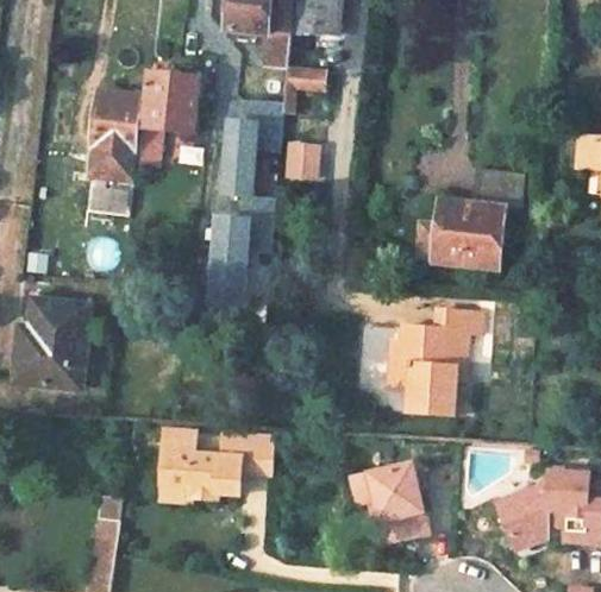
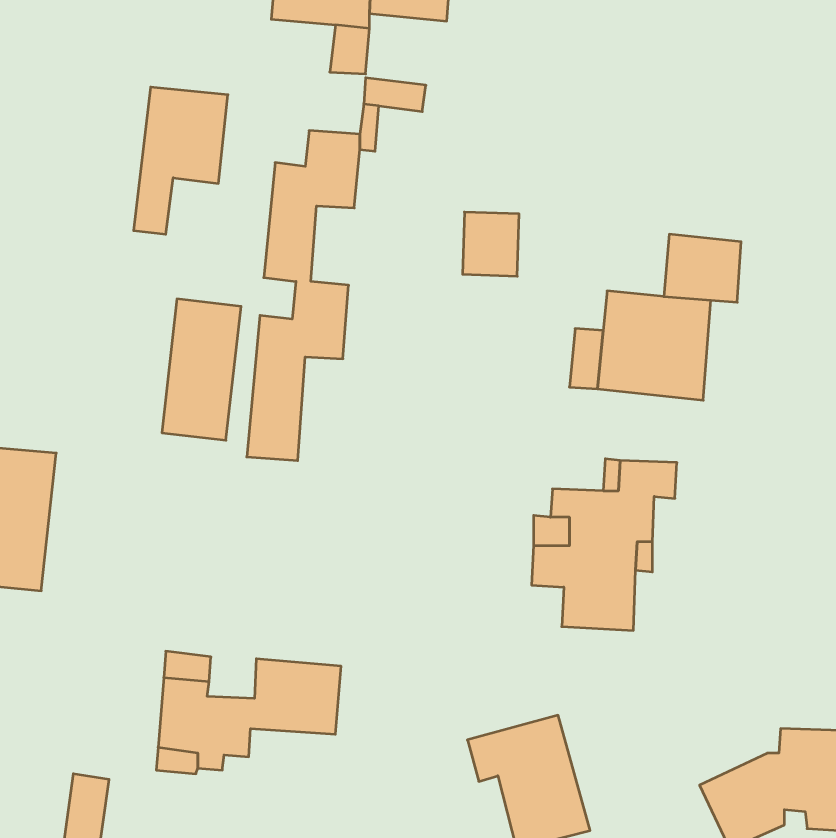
building: [90,89,140,178] -> [162,299,241,440]
building: [286,140,321,181] -> [463,212,519,276]
building: [88,184,131,214] -> none

